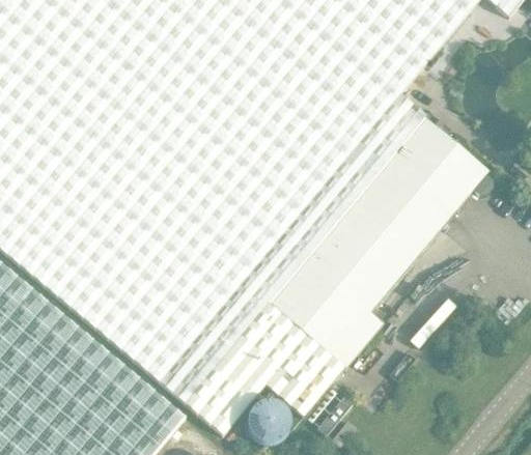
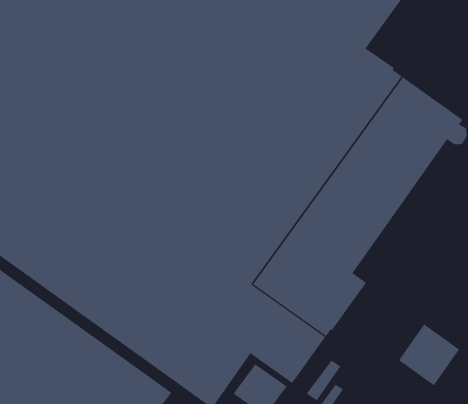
building: none -> [398,323,460,386]

